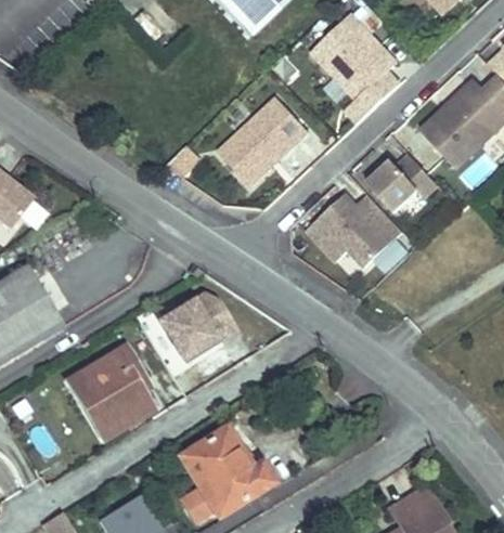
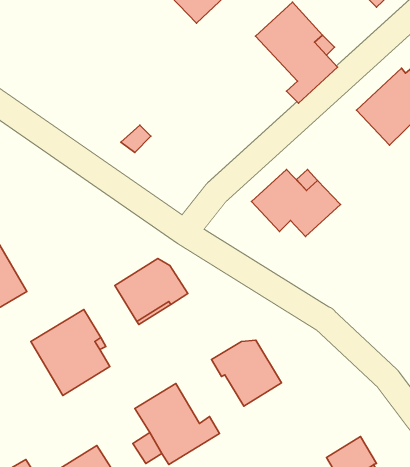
building: [217,96,308,185] -> none
building: [367,154,438,211] -> none
building: none -> [211,340,282,406]

